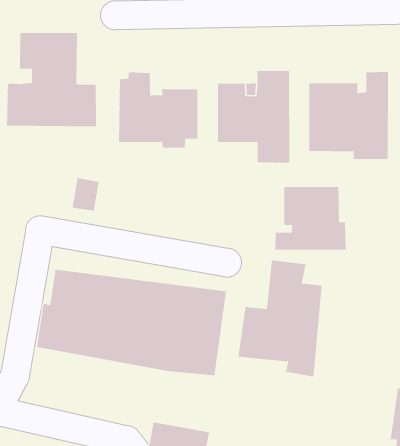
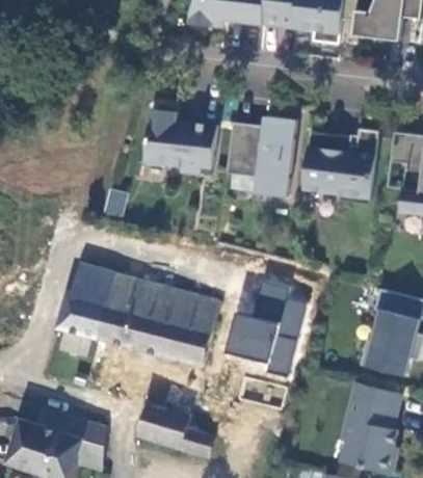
building: [7,32,97,127] -> none
building: [275,186,346,251] -> none

